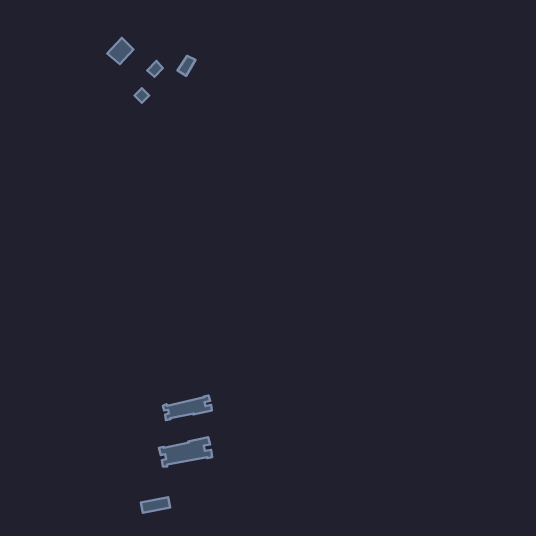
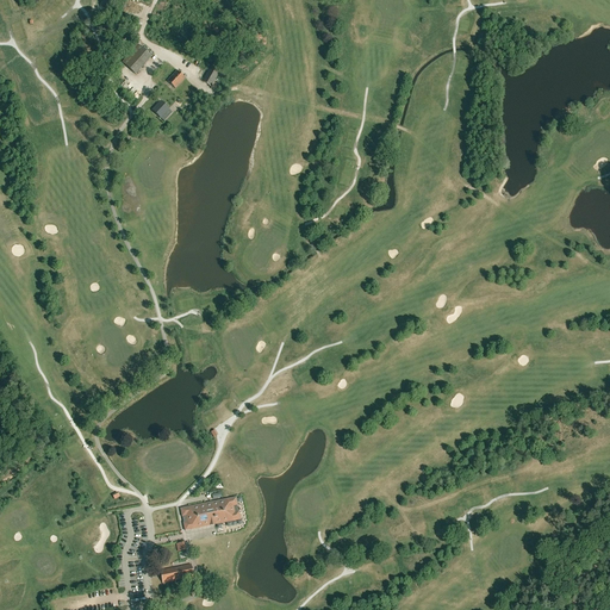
building: [163,395,212,420] -> none

